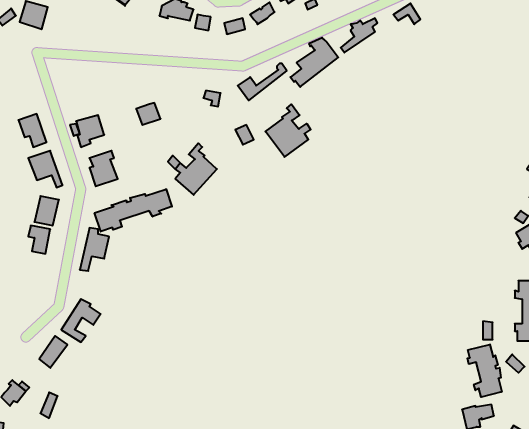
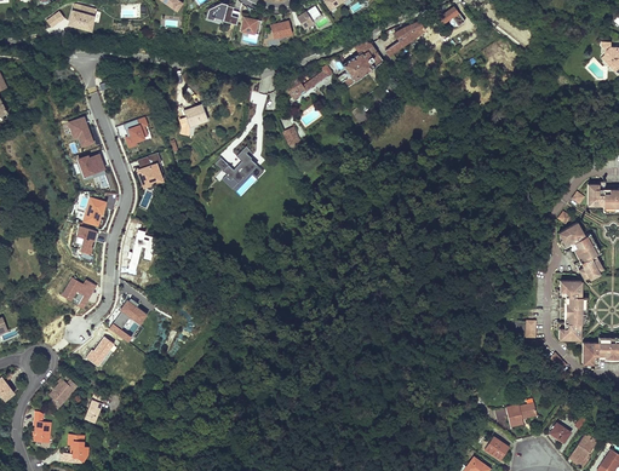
building: [265,104,311,157] -> none
building: [95,189,172,232] -> none
building: none -> [61,275,96,310]
building: [467,344,502,397] -> none

